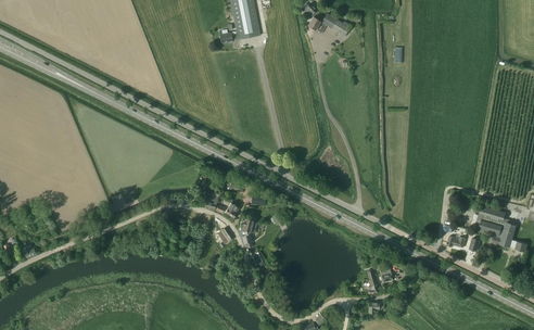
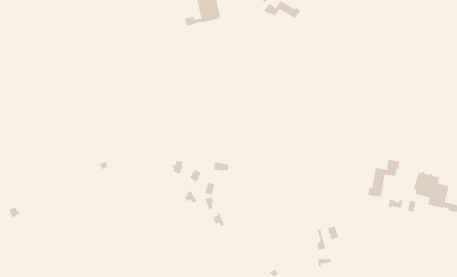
building: none -> [368,159,400,198]

